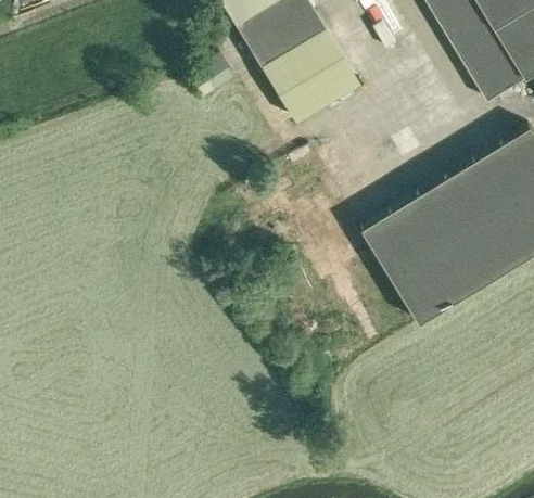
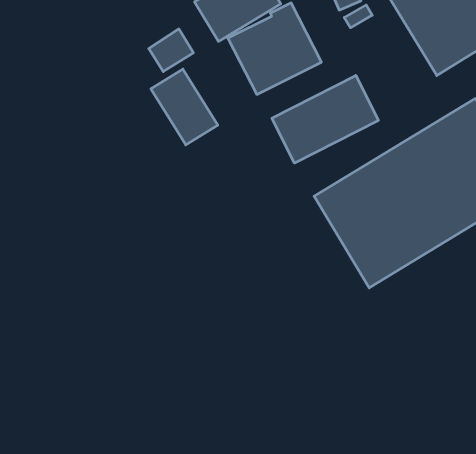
building: none -> [151,69,218,145]
building: none -> [272,75,378,163]

